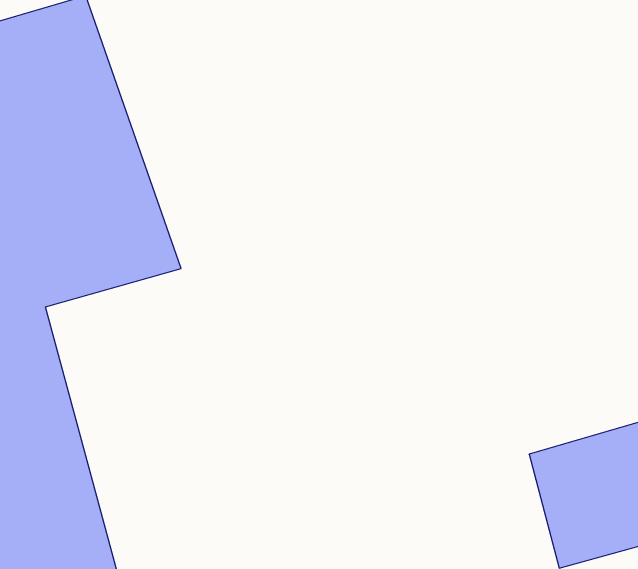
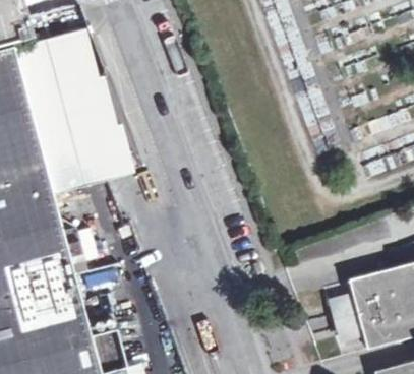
building: none -> [327,297,359,340]

